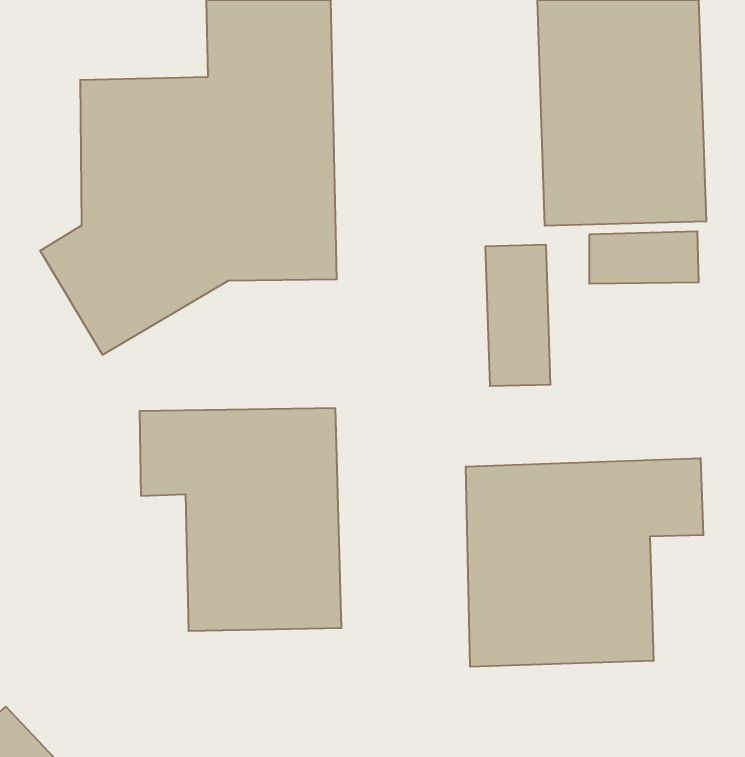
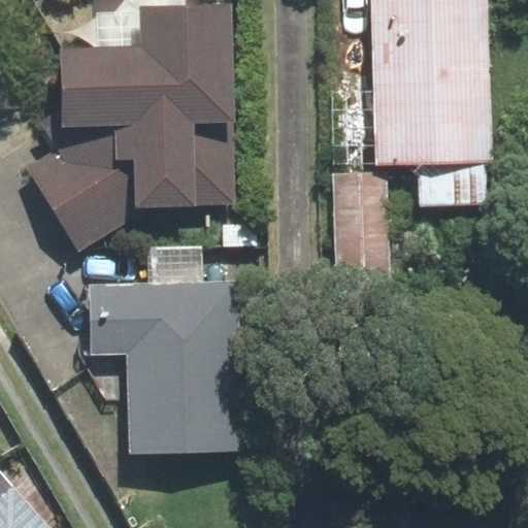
building: [466,458,703,667] -> none

